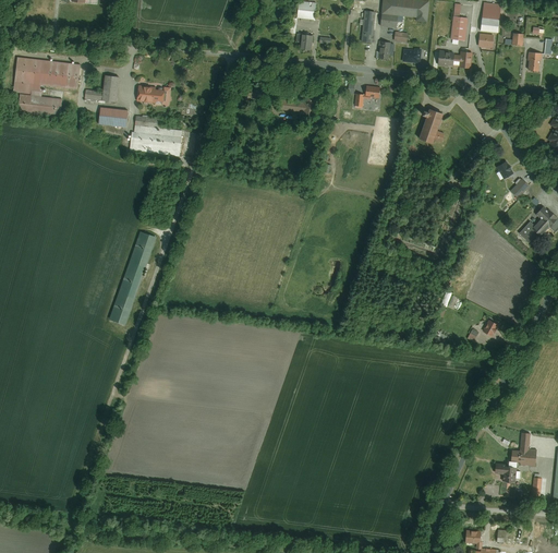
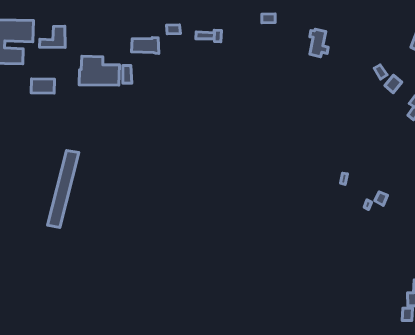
building: [135,84,170,106] -> [132,38,159,54]
building: [97,106,128,127] -> [31,79,54,93]
building: [109,230,157,325] -> [47,150,79,227]

